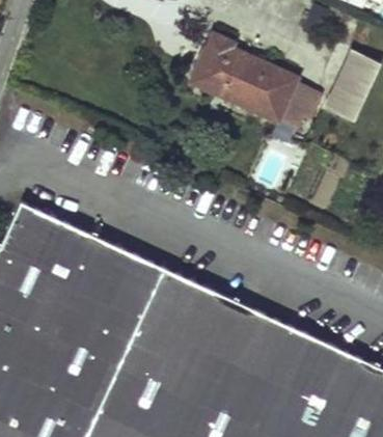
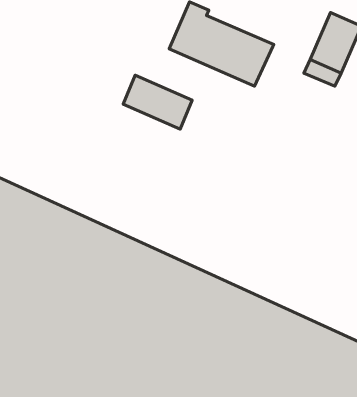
building: [277,80,321,128] -> none
building: none -> [123,75,192,129]

